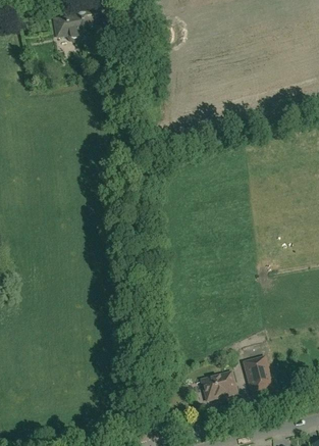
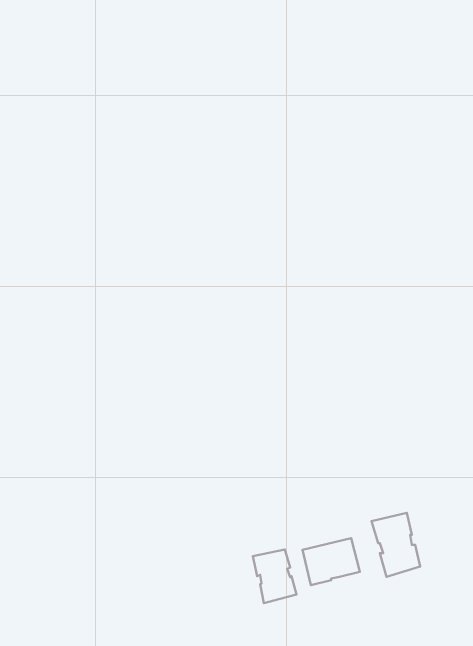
building: none -> [253,549,297,603]

